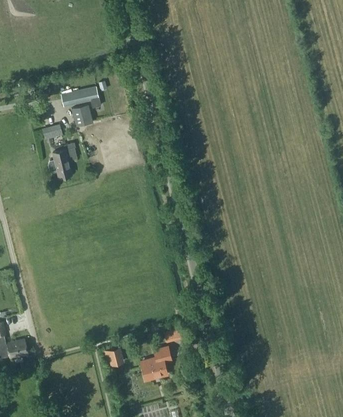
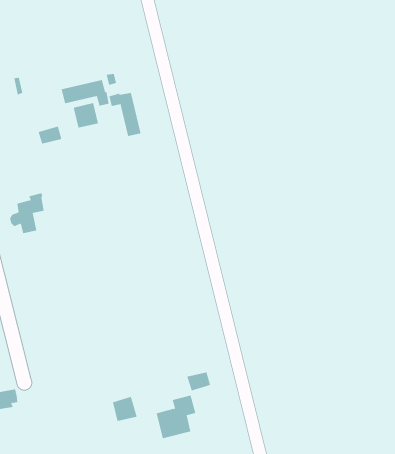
building: none -> [109,92,141,137]
building: [48,142,77,176] -> [9,193,44,234]

